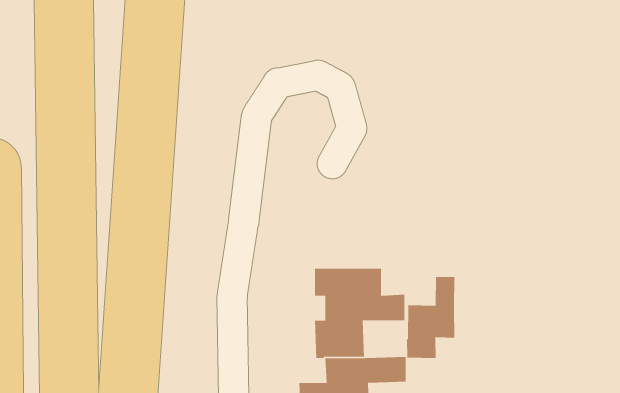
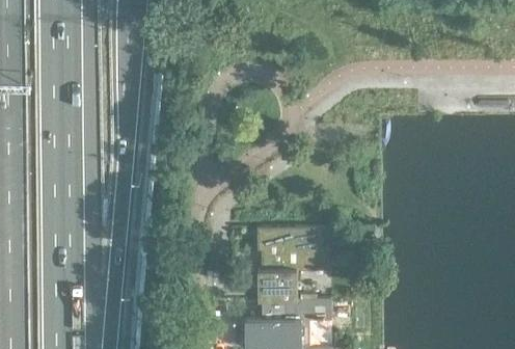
building: [406,276,455,359] -> none

